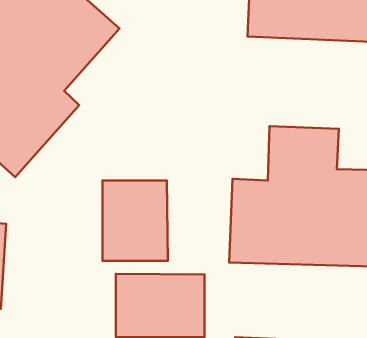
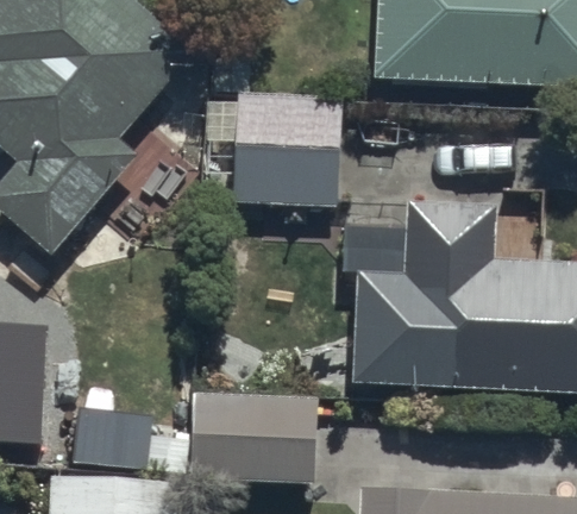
building: none -> [240,93,337,196]
building: [102,180,168,261] -> none

